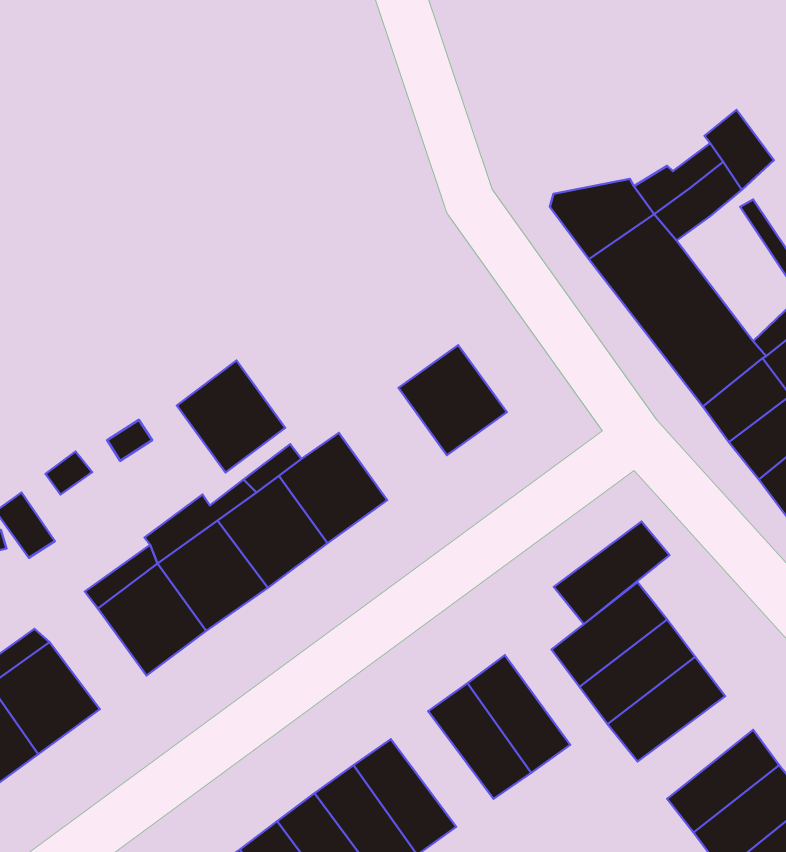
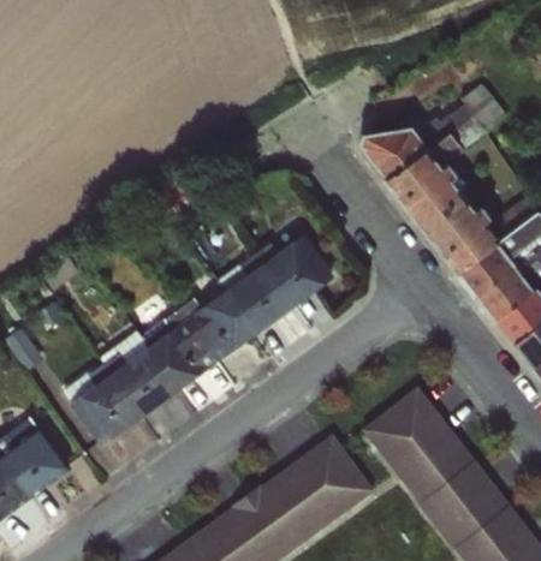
building: [177,361,285,473] -> [225,262,295,334]
building: [554,522,670,624] -> [417,460,492,526]
building: none -> [258,470,325,544]

